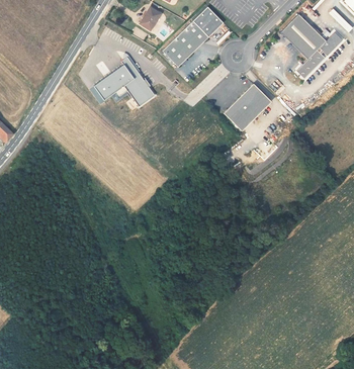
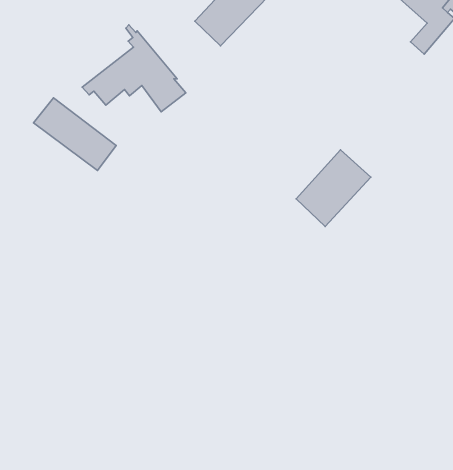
building: [224,84,271,131] -> [296,150,371,226]
building: none -> [33,98,116,170]

